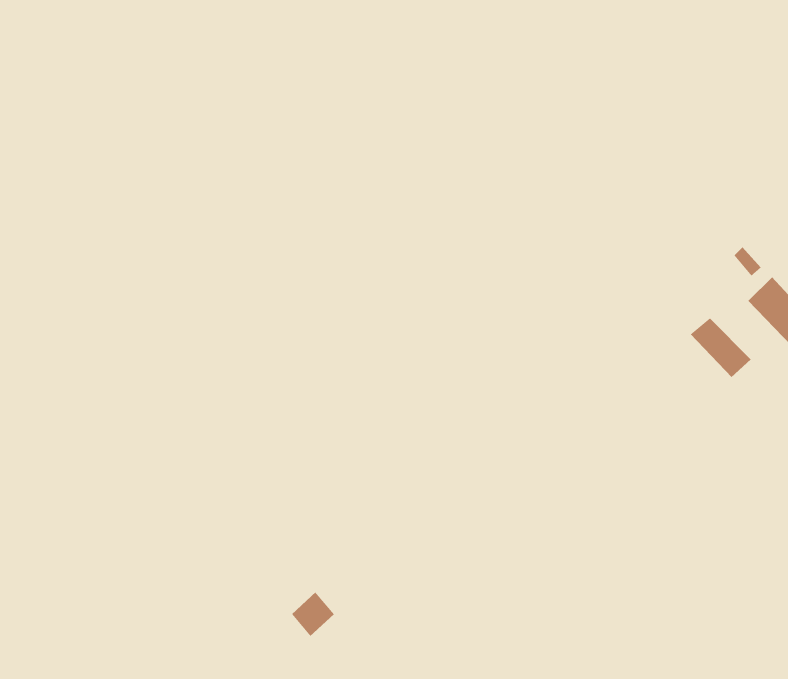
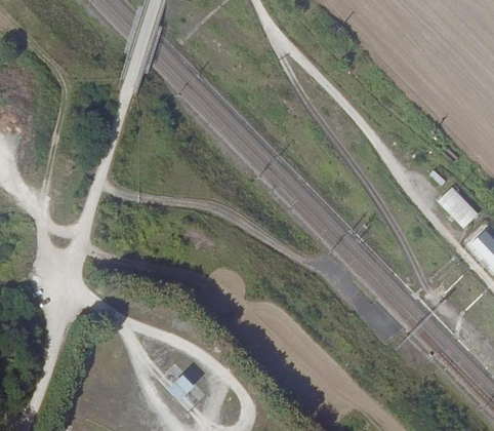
building: [690,318,752,378] -> none

